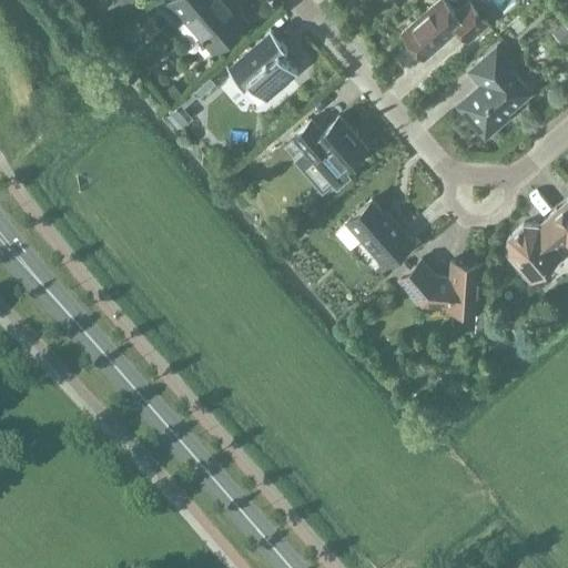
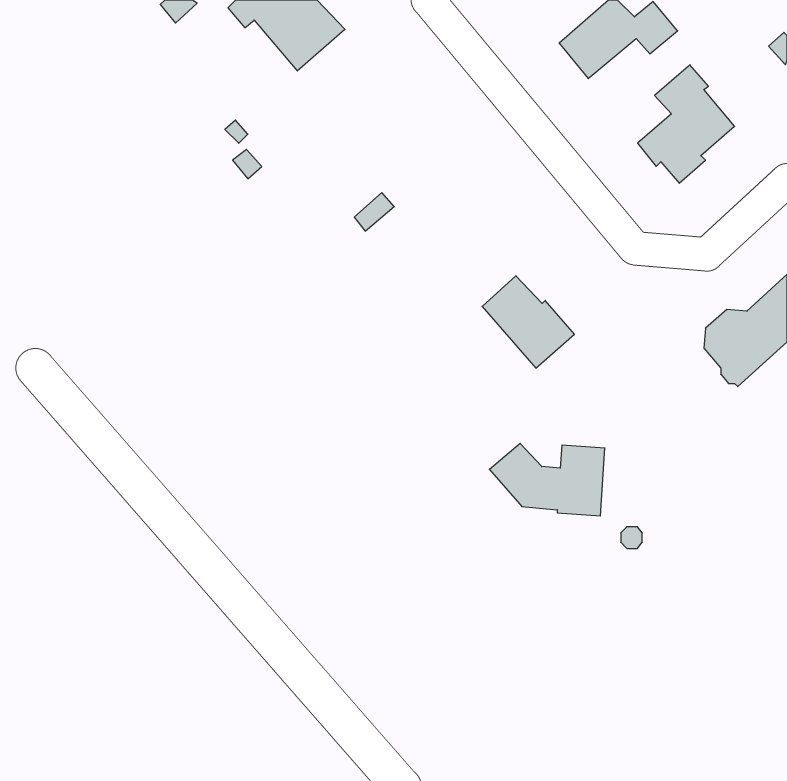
building: [227,33,298,102] -> none
building: [293,119,368,192] -> none
building: [399,263,483,315] -> [489,443,605,516]

